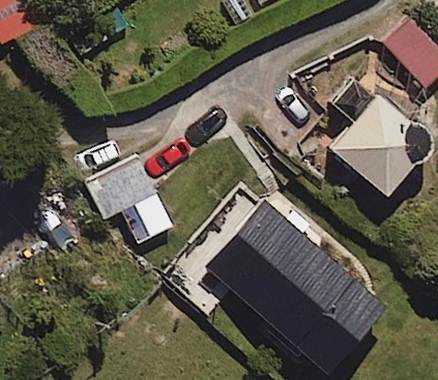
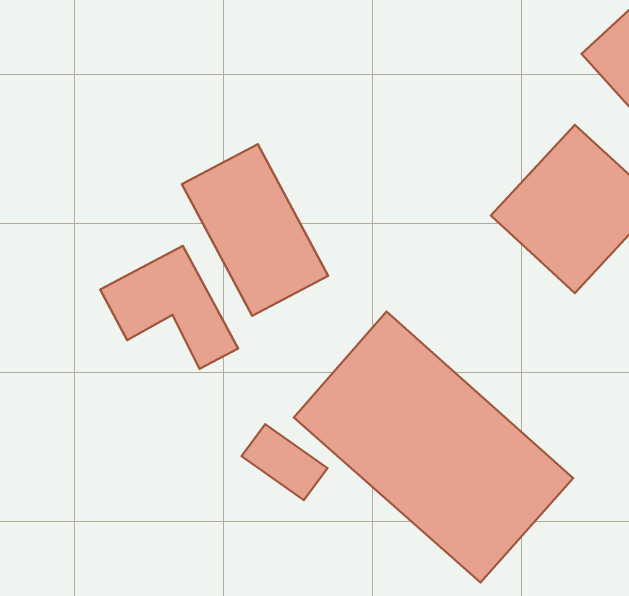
building: none -> [182,144,328,316]

